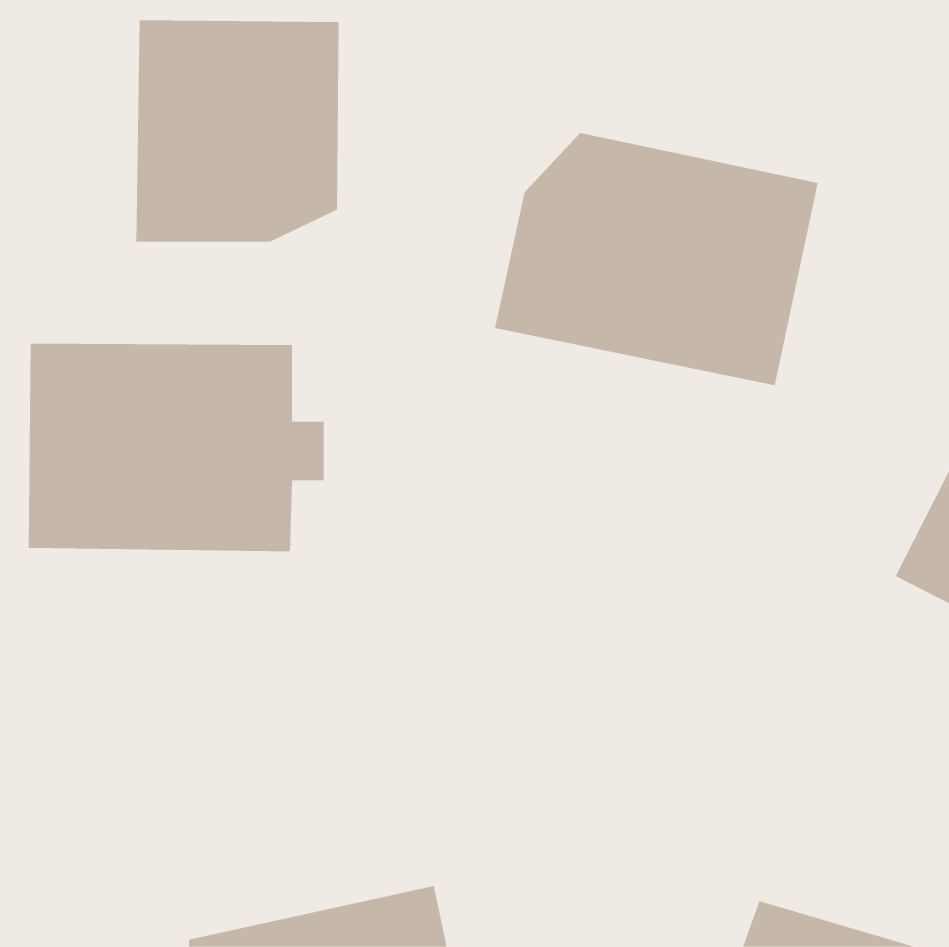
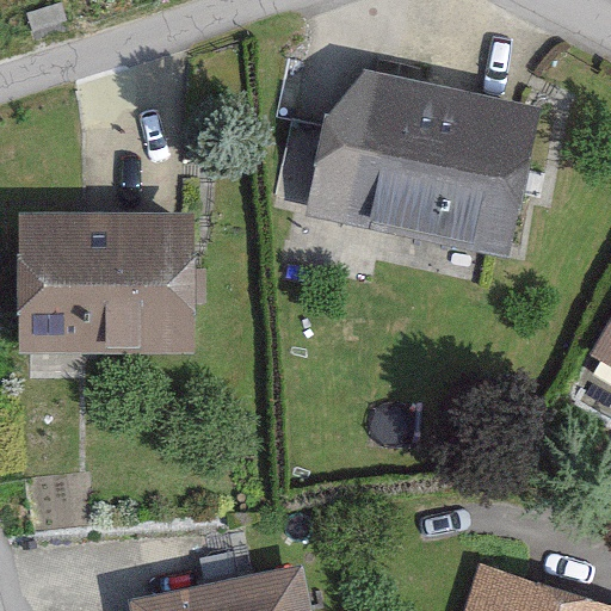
building: [136,20,339,242] -> none

